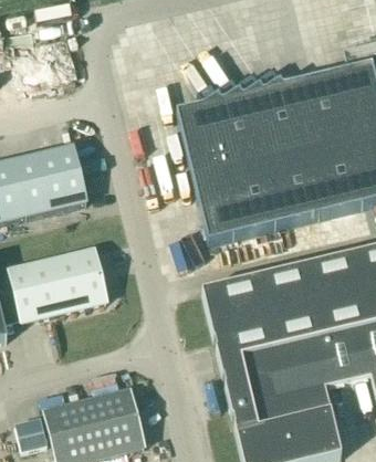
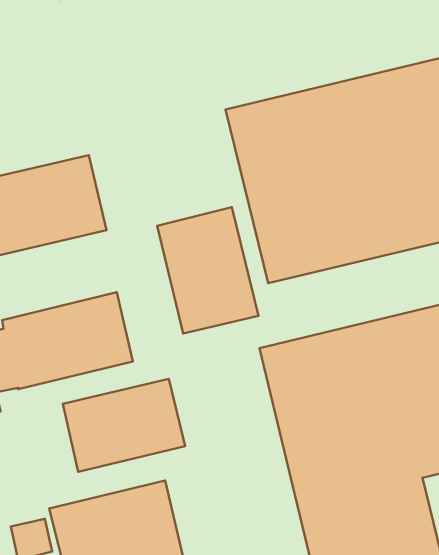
building: none -> [157,207,258,333]
building: none -> [63,379,185,472]

